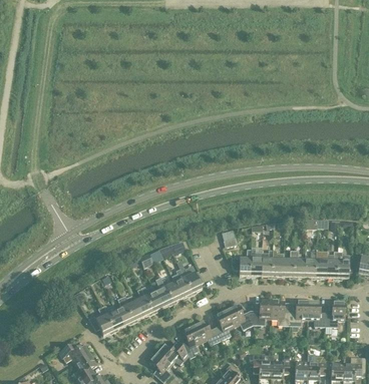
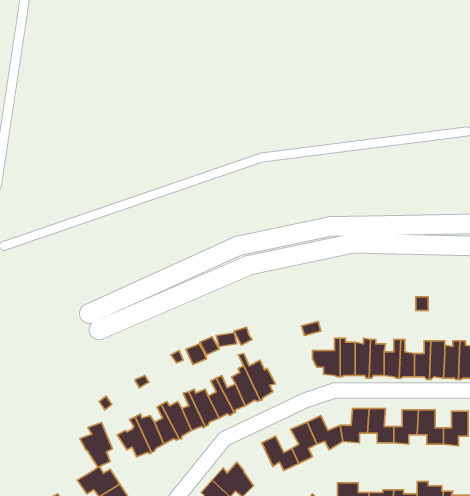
building: none -> [80,422,113,467]
building: [180,324,202,357] -> none

